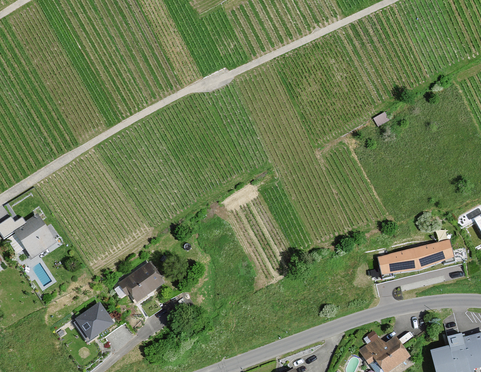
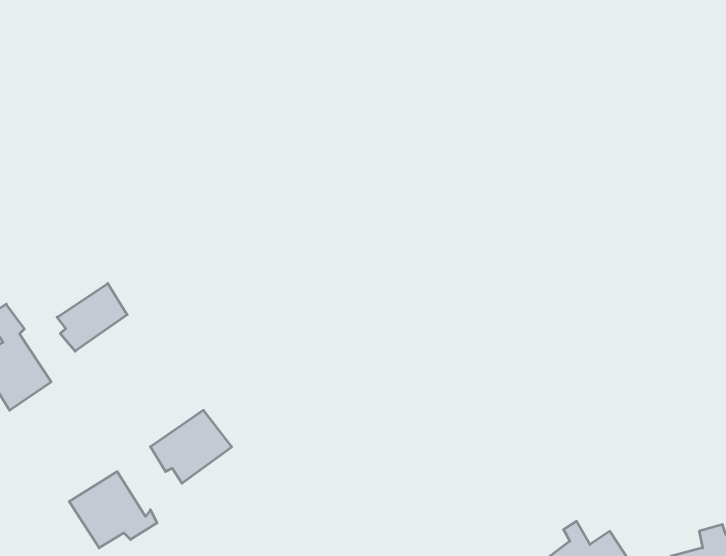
building: none -> [57,283,127,351]
building: [377,240,454,276] -> none

